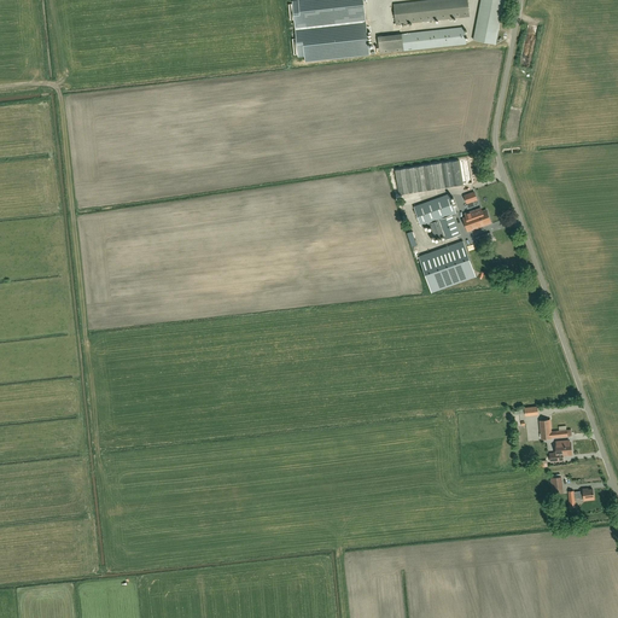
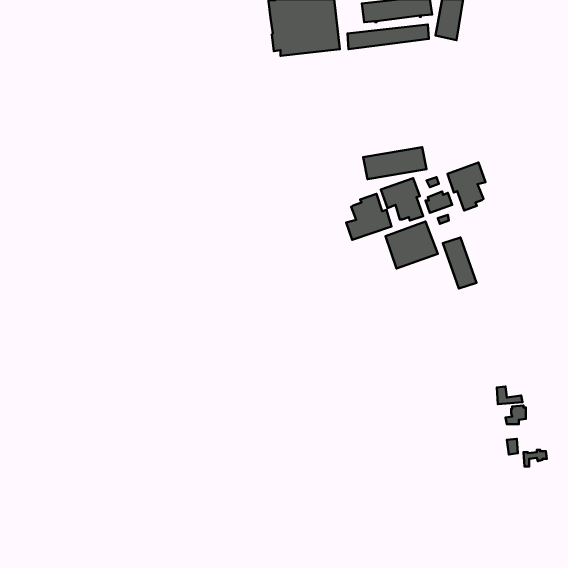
building: none -> [448,163,485,211]
building: none -> [346,194,391,240]
building: none -> [443,237,477,288]

